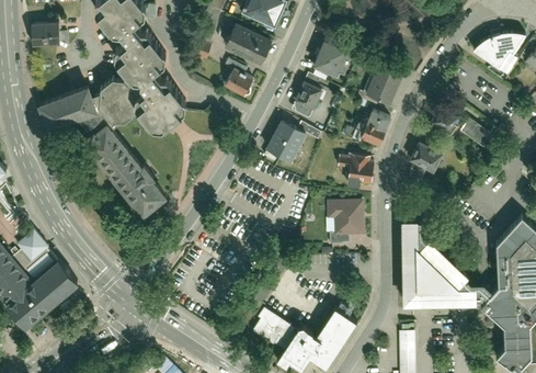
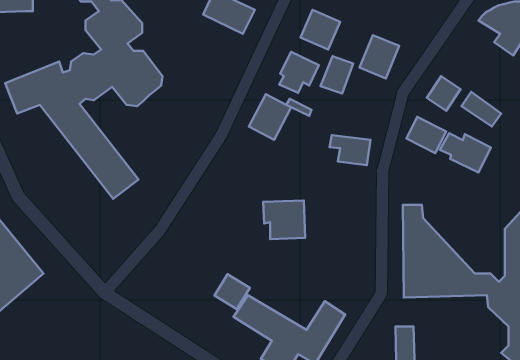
building: [226,70,258,101] -> none
building: [357,113,387,147] -> [321,56,353,94]
building: none -> [440,133,491,172]
building: [327,201,365,236] -> [263,201,305,239]
building: none -> [215,274,250,309]

